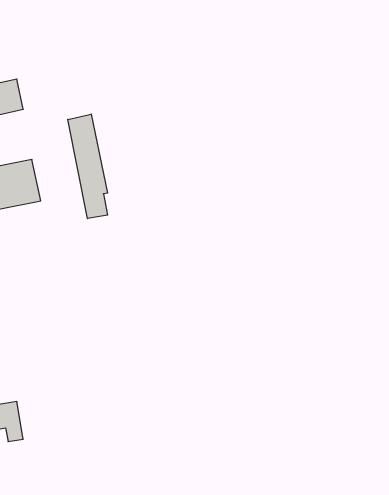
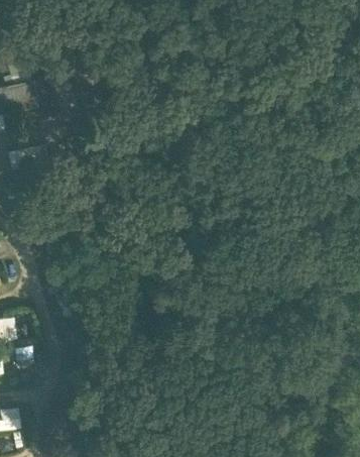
building: [68,114,108,219] -> none

